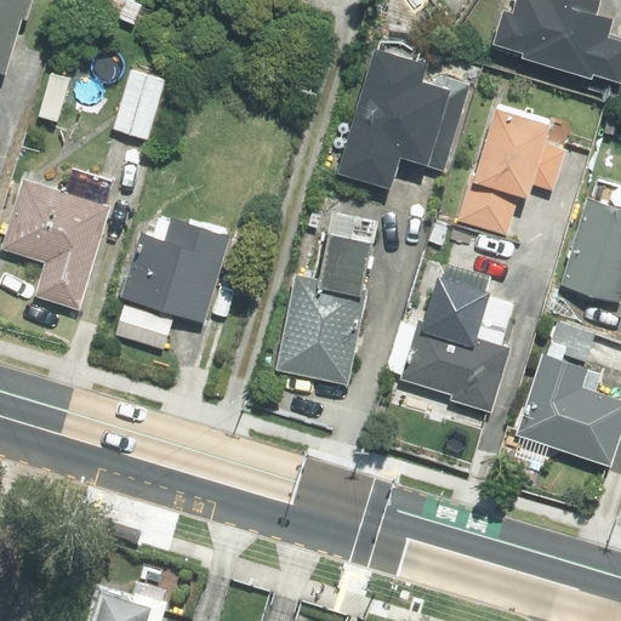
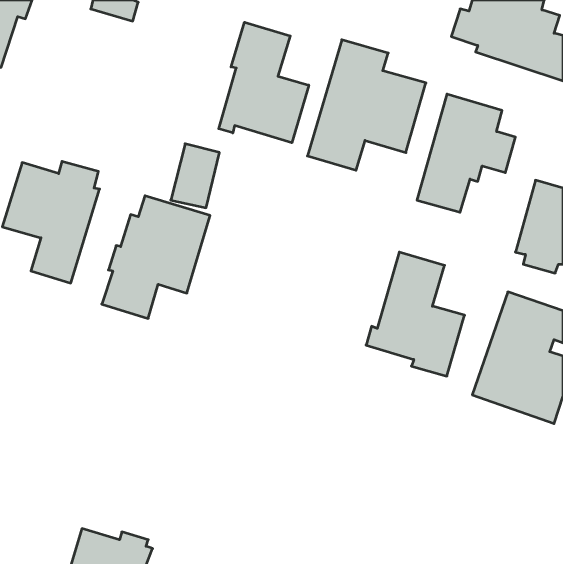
building: none -> [219,22,309,143]
building: [112,70,165,141] -> [171,144,219,208]
building: [275,189,377,387] -> none

